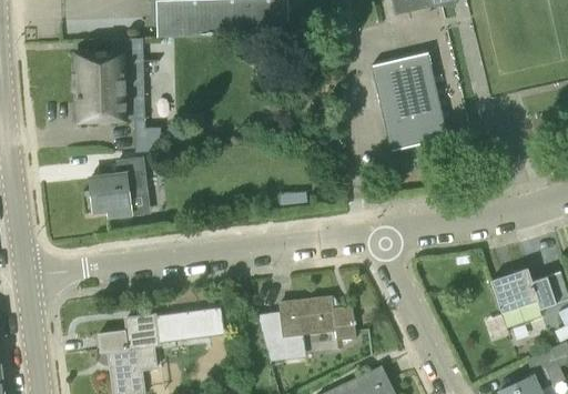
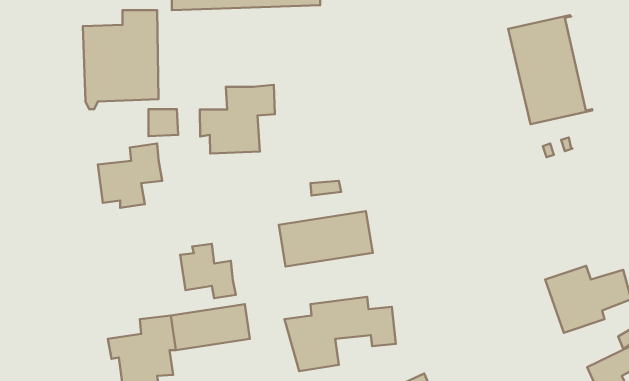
building: [373,51,448,149] -> [508,15,592,124]
building: none -> [200,85,275,154]
building: none -> [279,211,373,266]
building: none -> [180,244,236,298]

